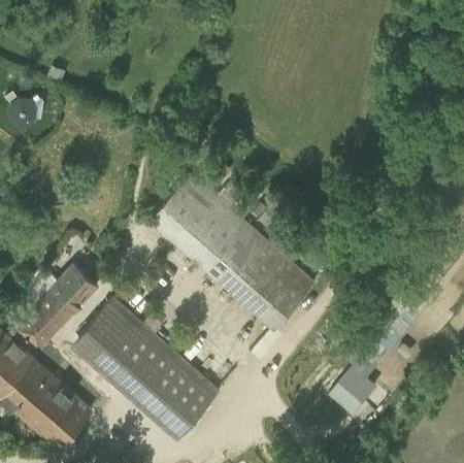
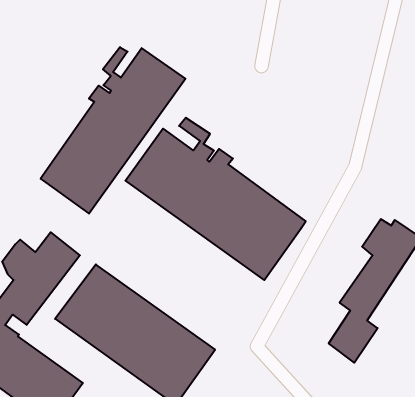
building: none -> [41,47,185,214]

